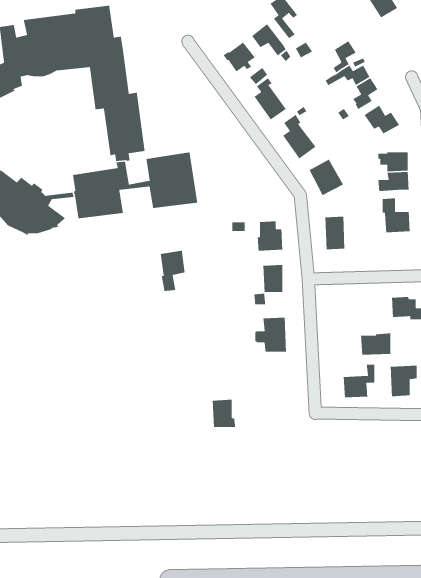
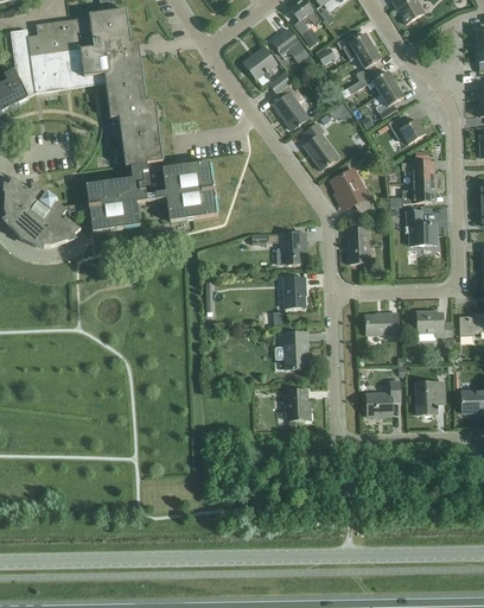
building: none -> [337,32,372,59]
building: [160,250,186,292] -> none
building: [360,333,391,356] -> [365,311,397,335]
building: [212,399,236,428] -> [286,390,311,419]

